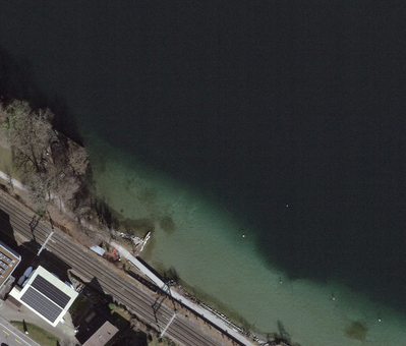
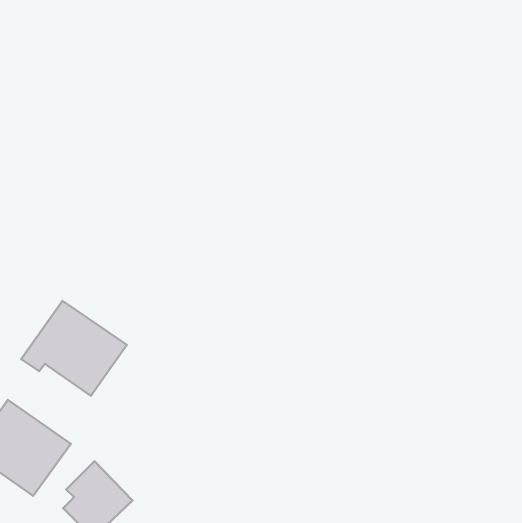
building: none -> [21,301,127,396]

